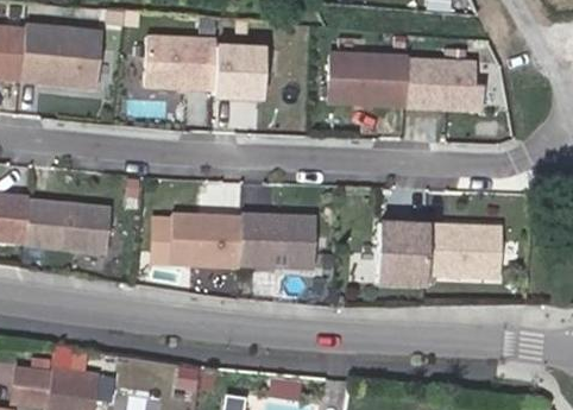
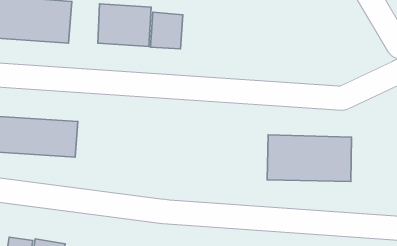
building: [327,52,487,112] -> none
building: [170,210,319,271] -> none

